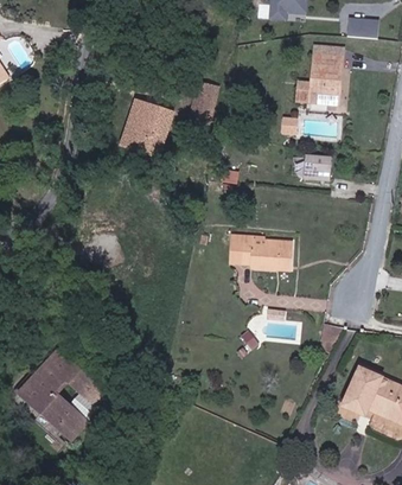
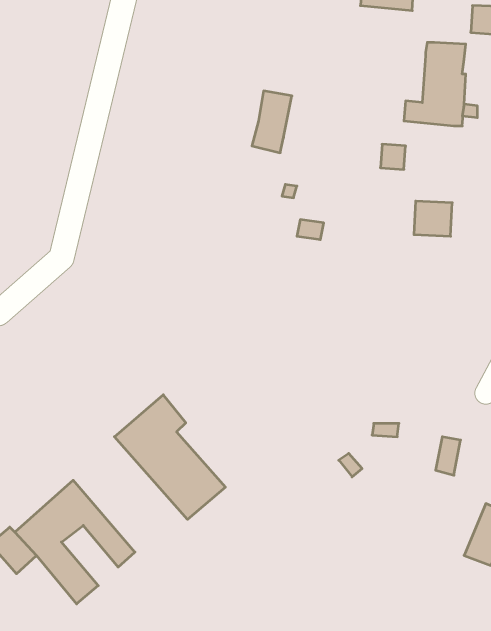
building: [123,100,173,154] -> none
building: [235,235,283,270] -> none
building: none -> [114,395,225,519]

